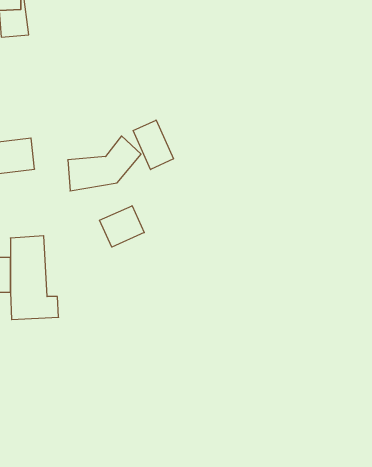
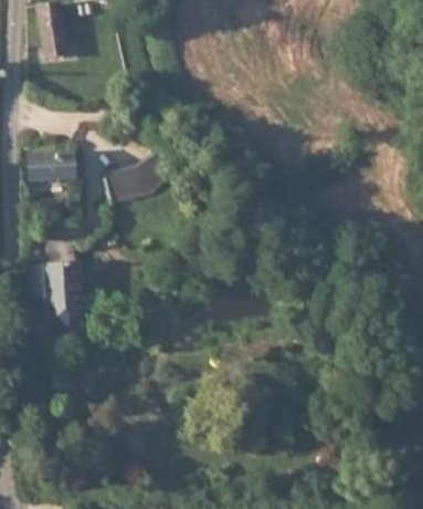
building: [133,120,173,170] -> none
building: [99,206,144,247] -> none

